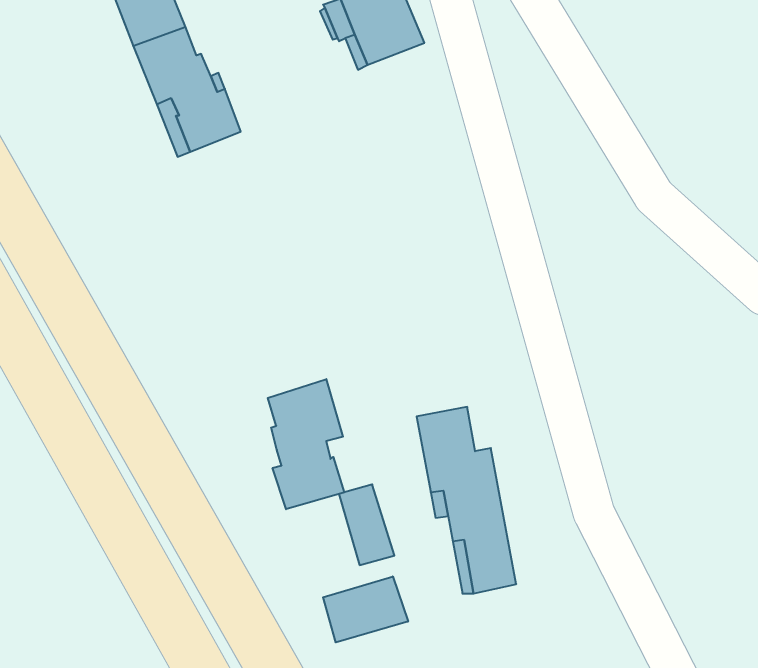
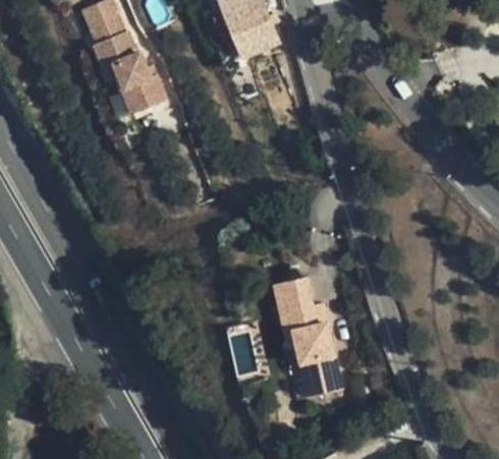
building: [268,379,344,509] -> none
building: [323,576,408,642] -> none

